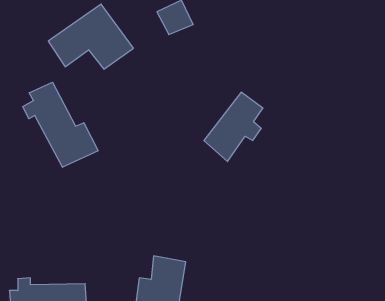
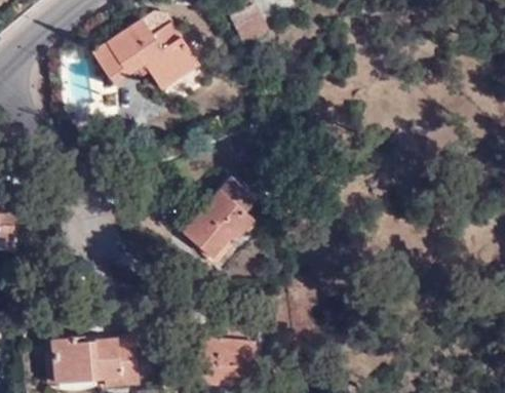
building: [23,82,98,167] -> none
building: [204,92,263,162] -> [186,179,258,263]

